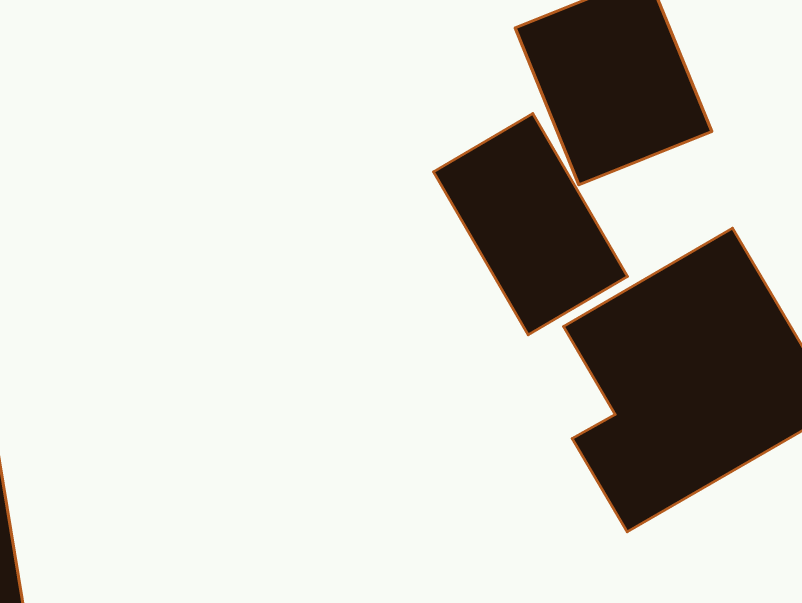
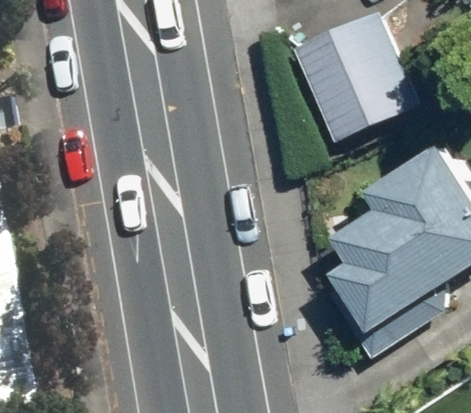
building: [434,113,627,335] -> none

